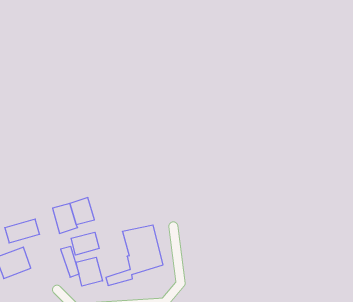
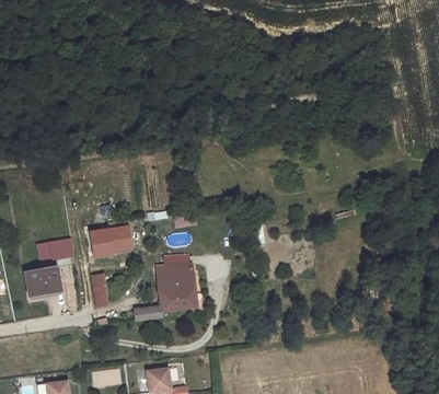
building: [71,232,99,255] -> none
building: [76,257,103,286] -> none

